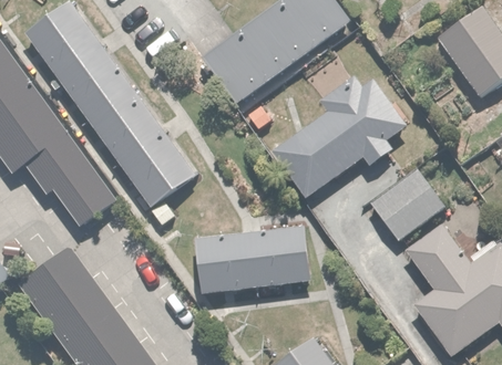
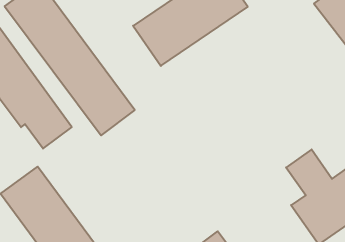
building: [272,77,407,196] -> none
building: [371,171,445,243] -> none
building: [194,223,310,293] -> none

